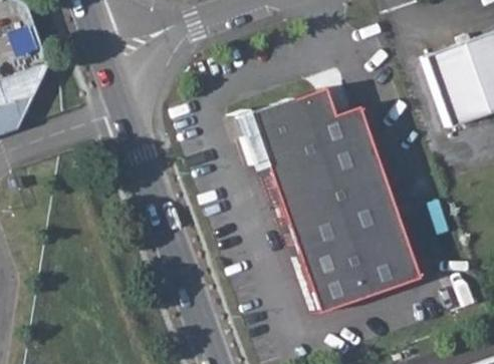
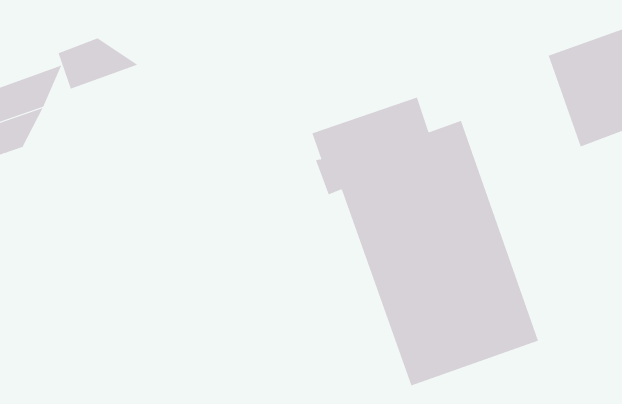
building: none -> [58,37,138,90]

